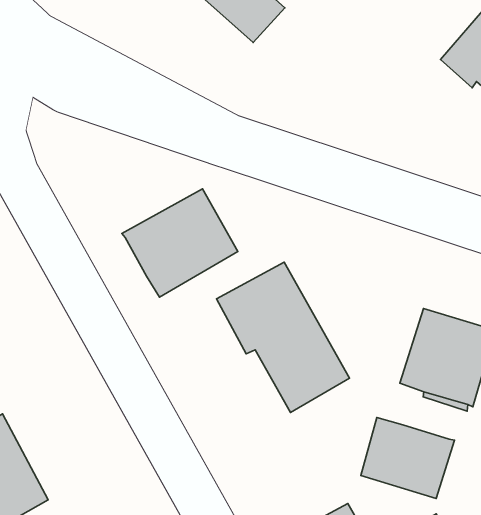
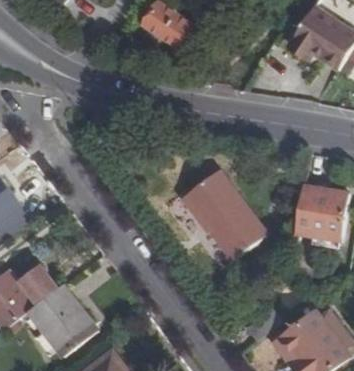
building: [122,189,238,297] -> none
building: [361,418,455,498] -> none

